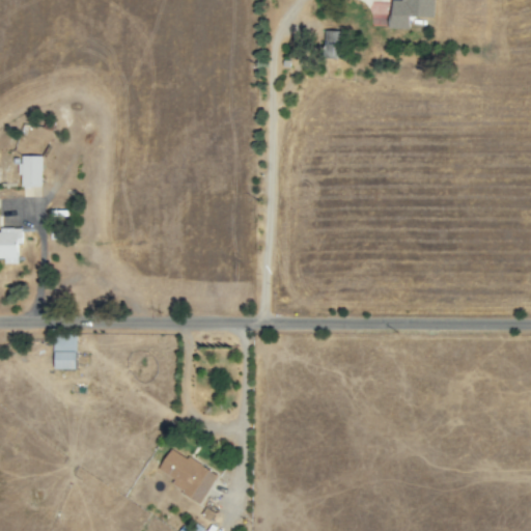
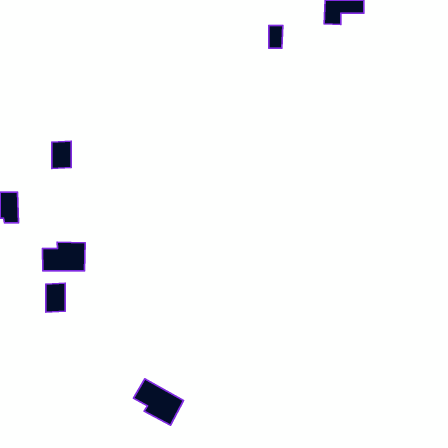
building: [21,155,44,187] -> [52,141,71,168]
building: none -> [42,242,85,271]

